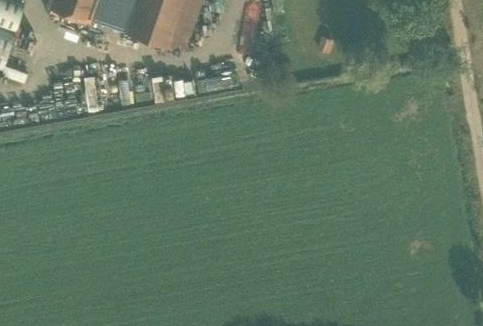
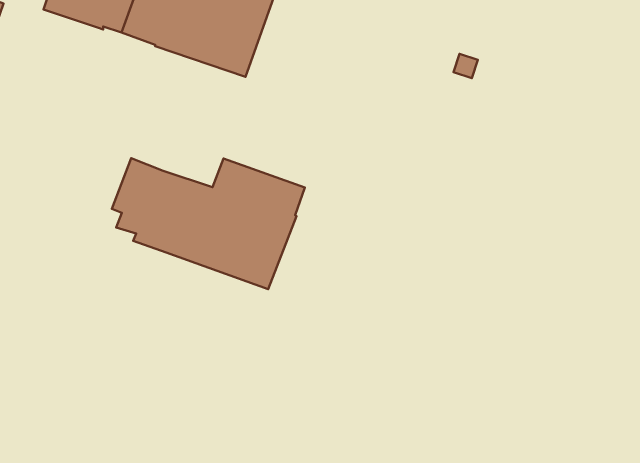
building: none -> [112,158,305,289]

